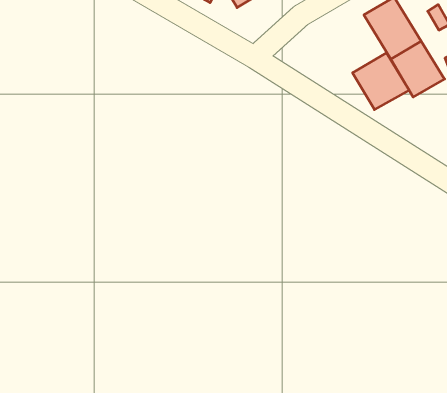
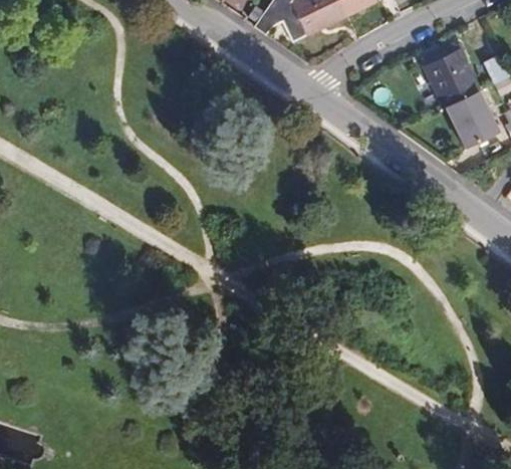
building: [353,53,409,110] -> none

